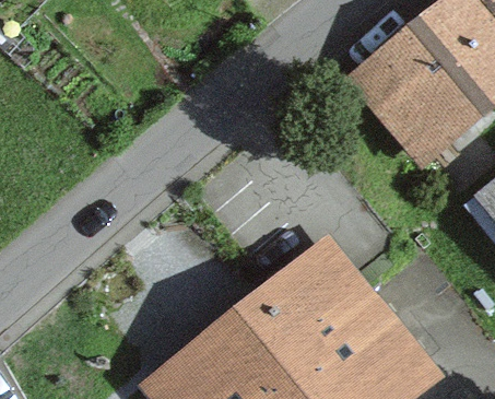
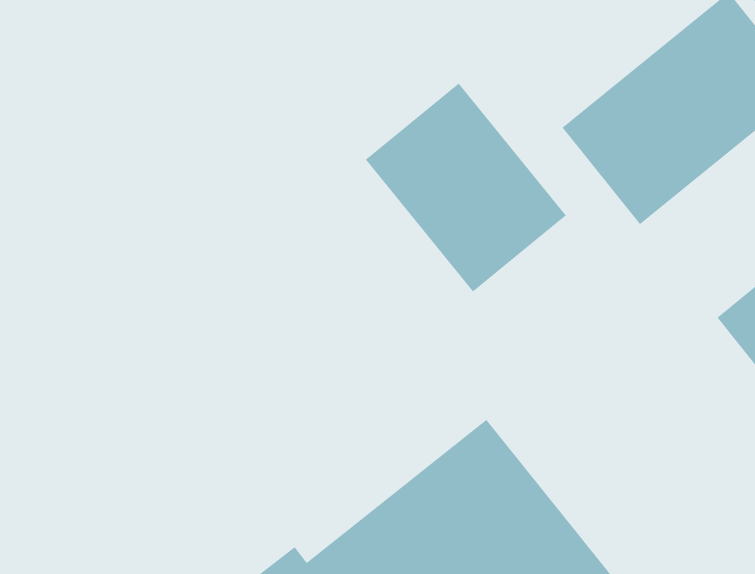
building: none -> [365,83,567,293]

